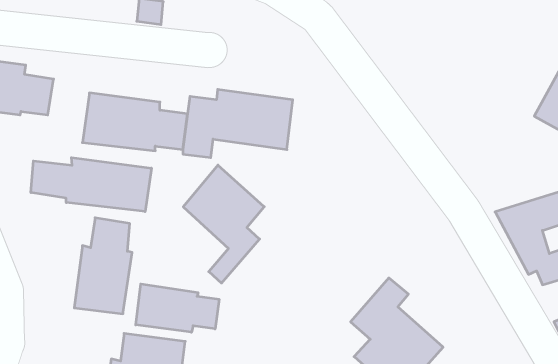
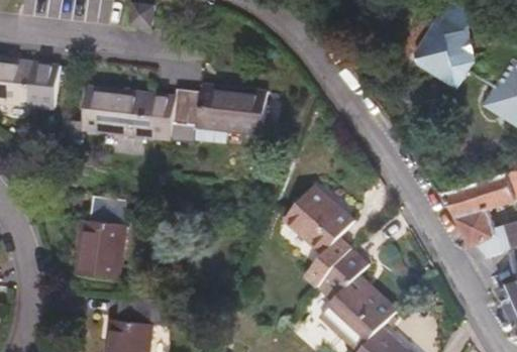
building: none -> [409,11,464,91]
building: [31,158,151,212] -> none
building: [183,165,264,283] -> [286,184,356,286]
building: [136,284,219,332] -> none

